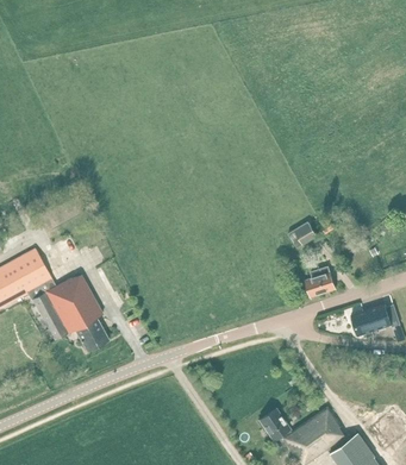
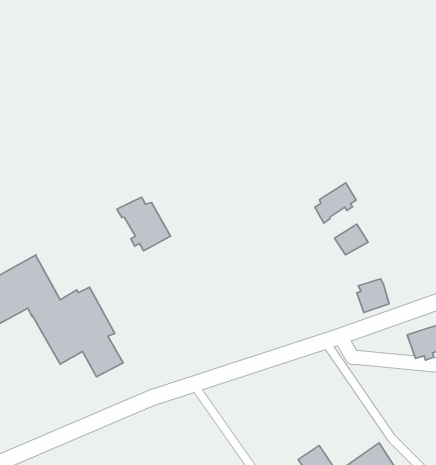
building: none -> [315,183,356,223]
building: none -> [117,197,170,251]

